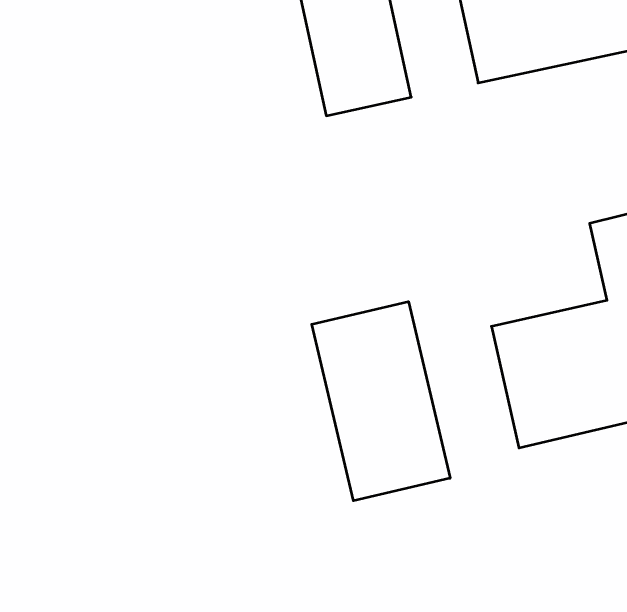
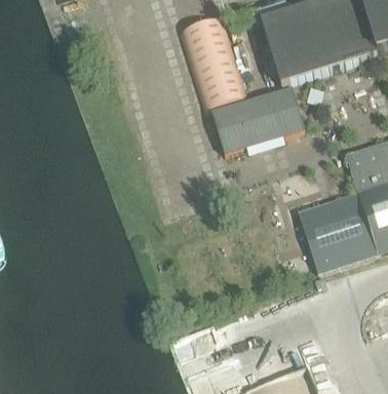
building: none -> [211,86,304,152]
building: [312,302,450,501] -> none

